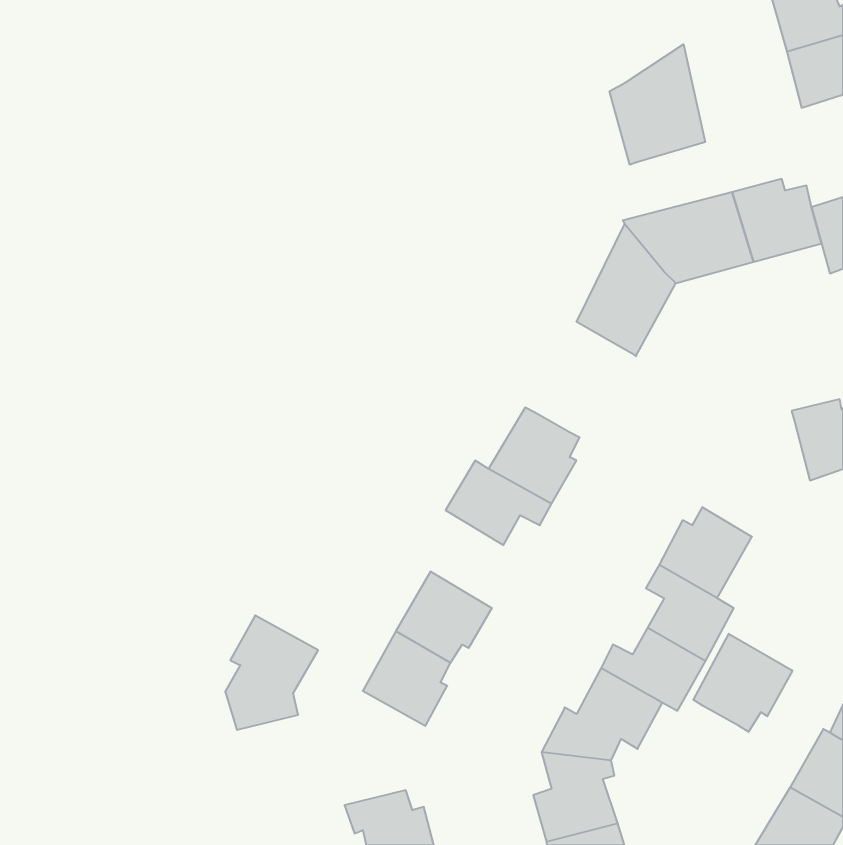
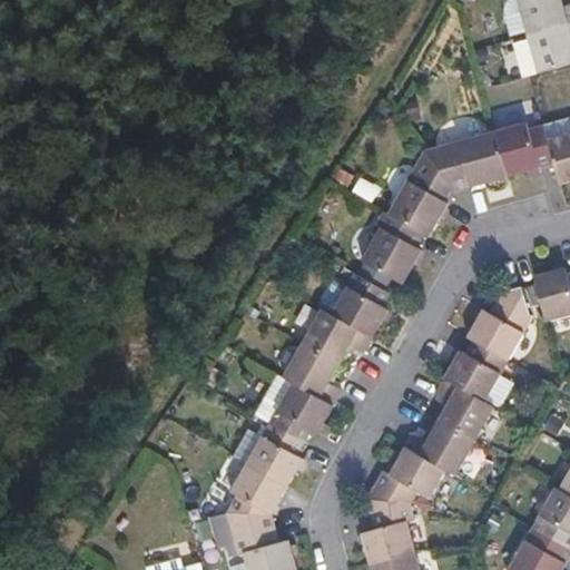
building: [610,44,705,165] -> none
building: none -> [360,214,424,291]
building: none -> [466,287,529,361]
building: none -> [279,343,341,409]
building: [225,615,318,730] -> [224,464,286,541]
building: [693,634,792,732] -> none

